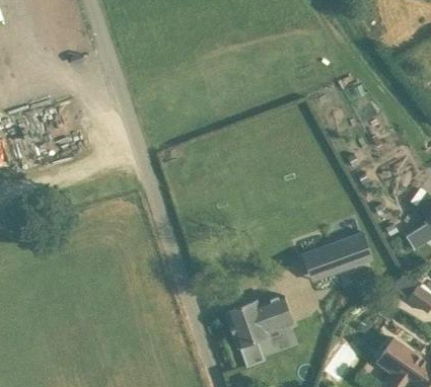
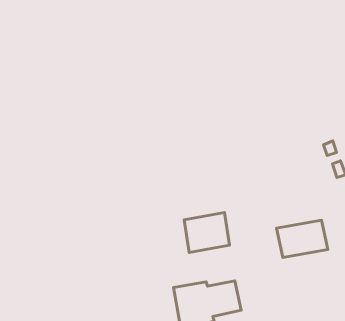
building: none -> [184,213,230,253]

